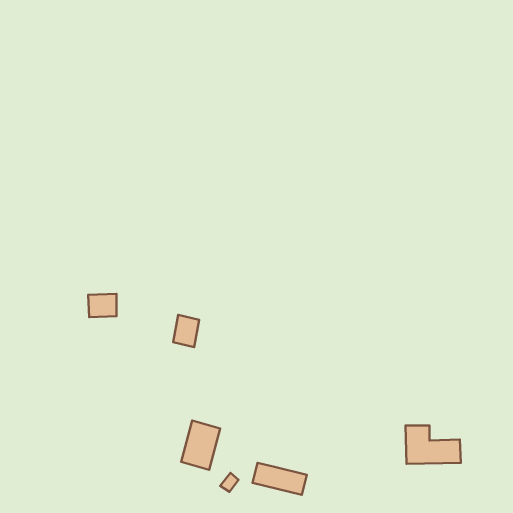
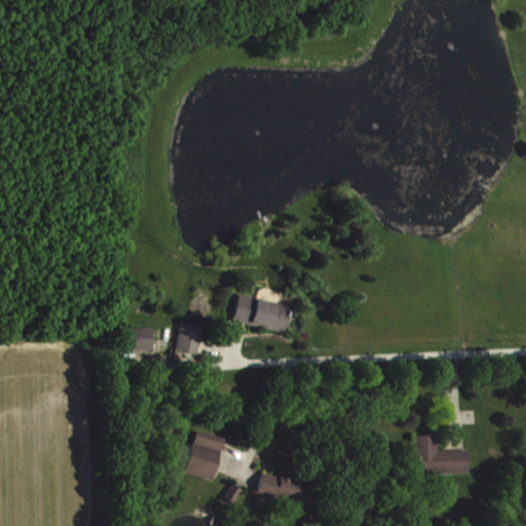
building: none -> [233,294,291,333]
building: [88,294,116,317] -> [125,328,154,351]

